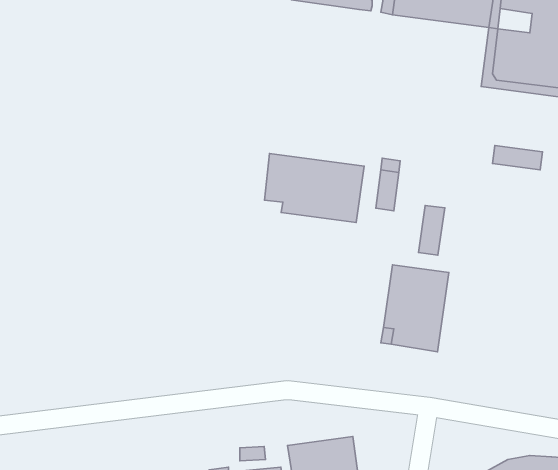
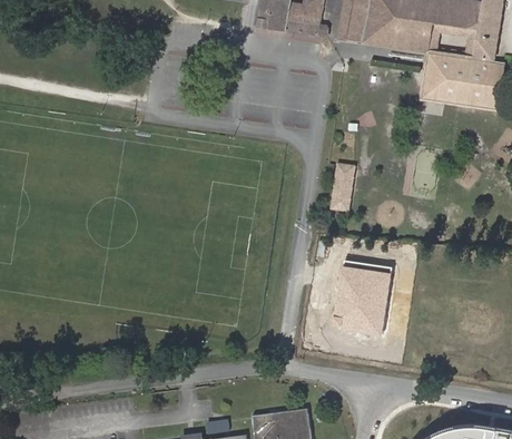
building: [493,146,542,170] -> none
building: [264,153,364,223] -> none
building: [418,205,445,255] -> none

